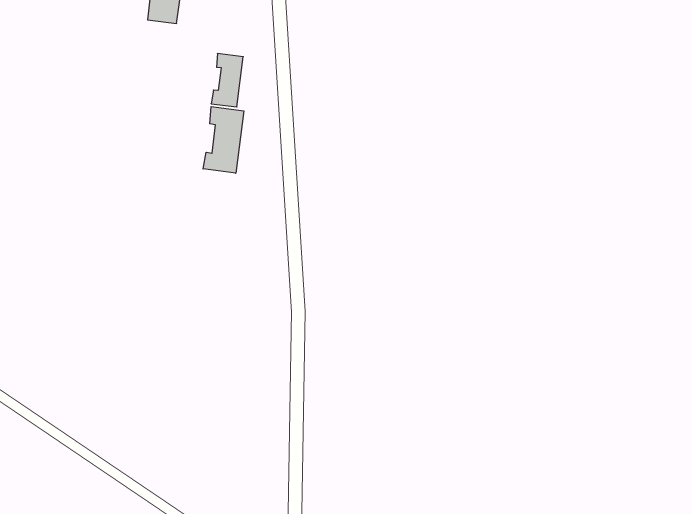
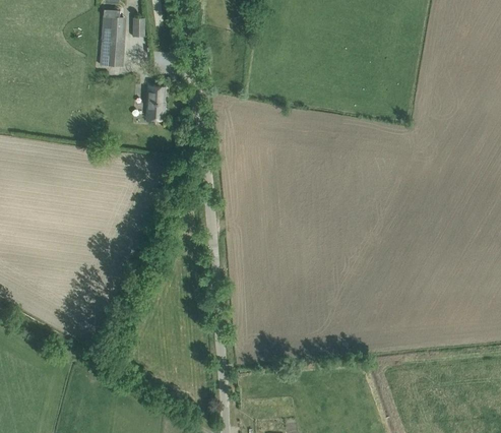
building: [203,107,244,173] -> none

